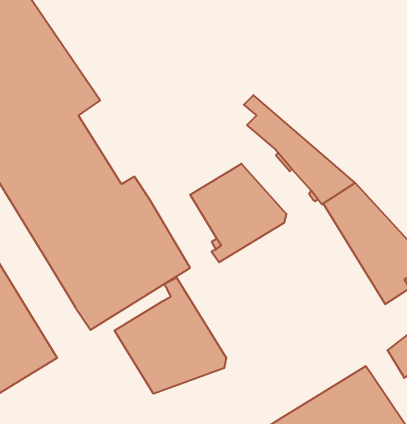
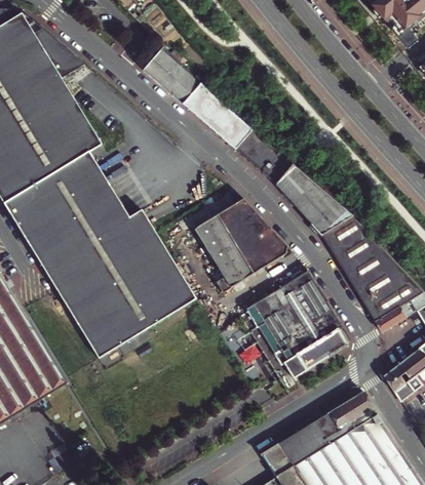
building: none -> [142,47,258,161]
building: none -> [239,271,349,389]
building: [115,277,226,394] -> none

